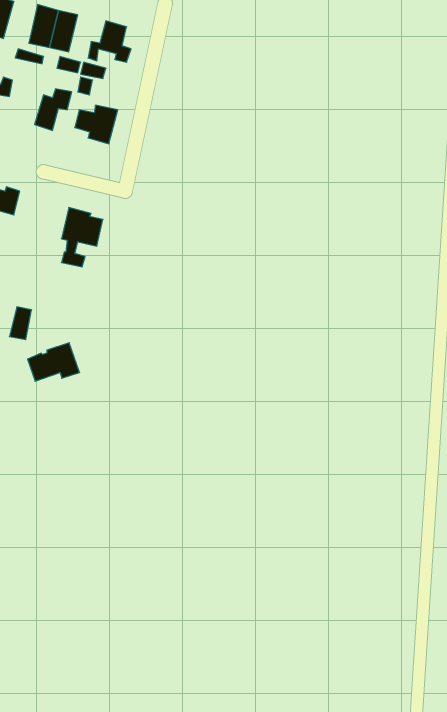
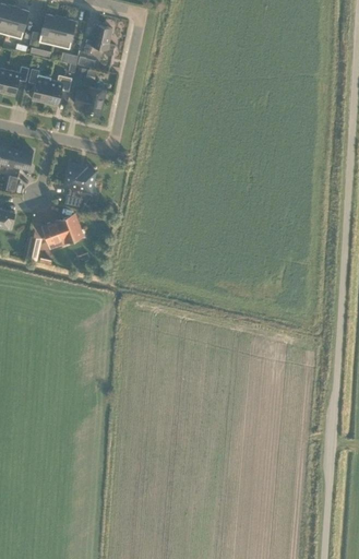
building: none -> [27,69,50,102]
building: [28,343,80,381] -> [43,215,81,243]

